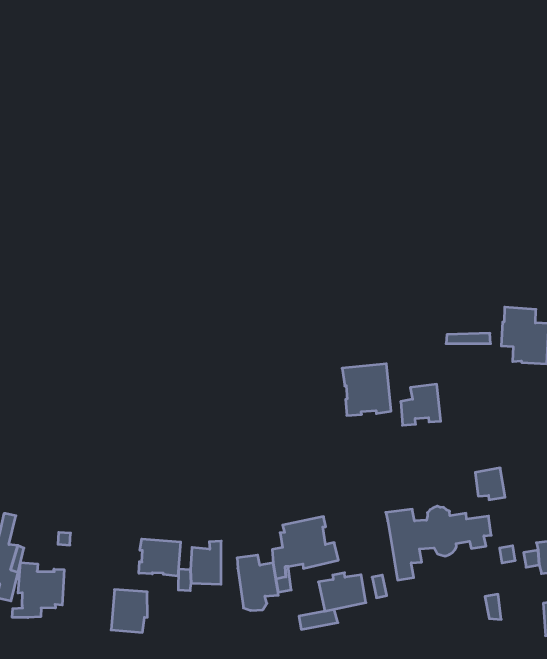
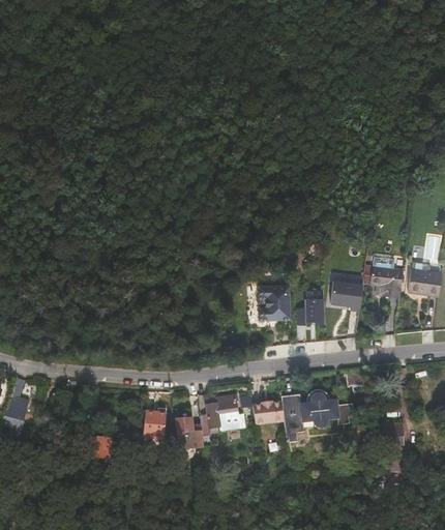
building: none -> [331,287,362,317]
building: [139,539,181,576] -> none
building: [12,563,64,618] -> none
building: [318,573,366,611] -> [253,398,285,423]

